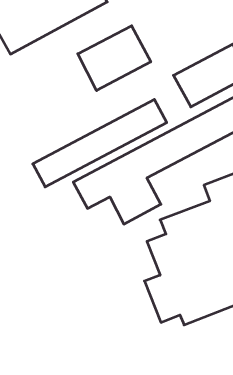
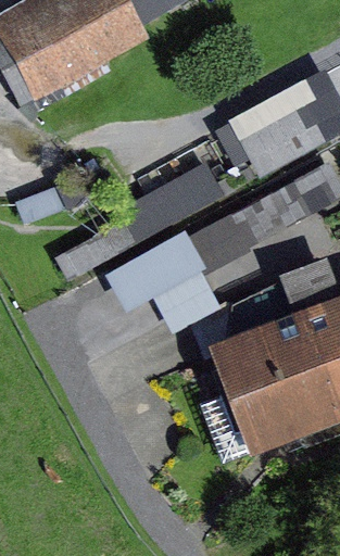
building: [78,26,151,91] -> none

